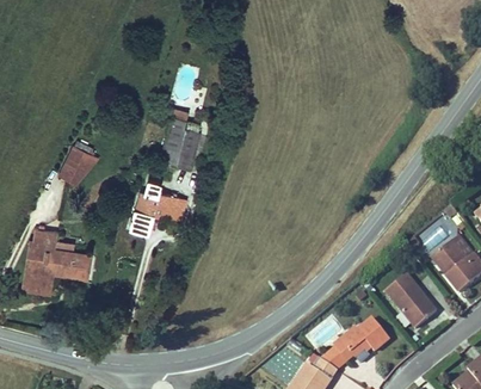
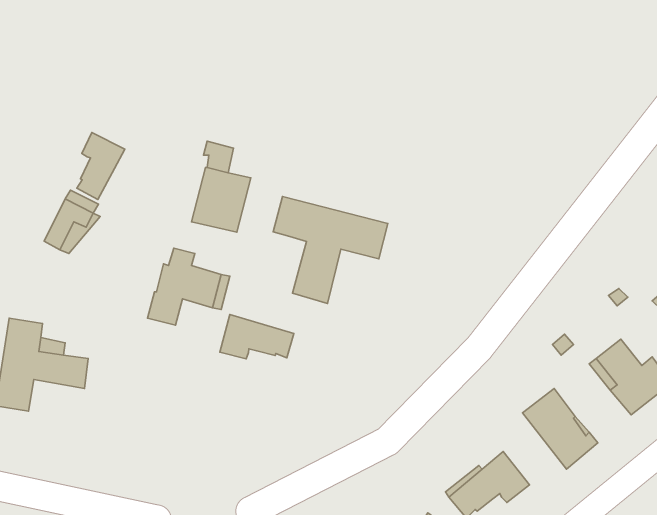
building: none -> [77,133,125,199]
building: none -> [273,196,388,304]
building: none -> [220,314,294,359]

